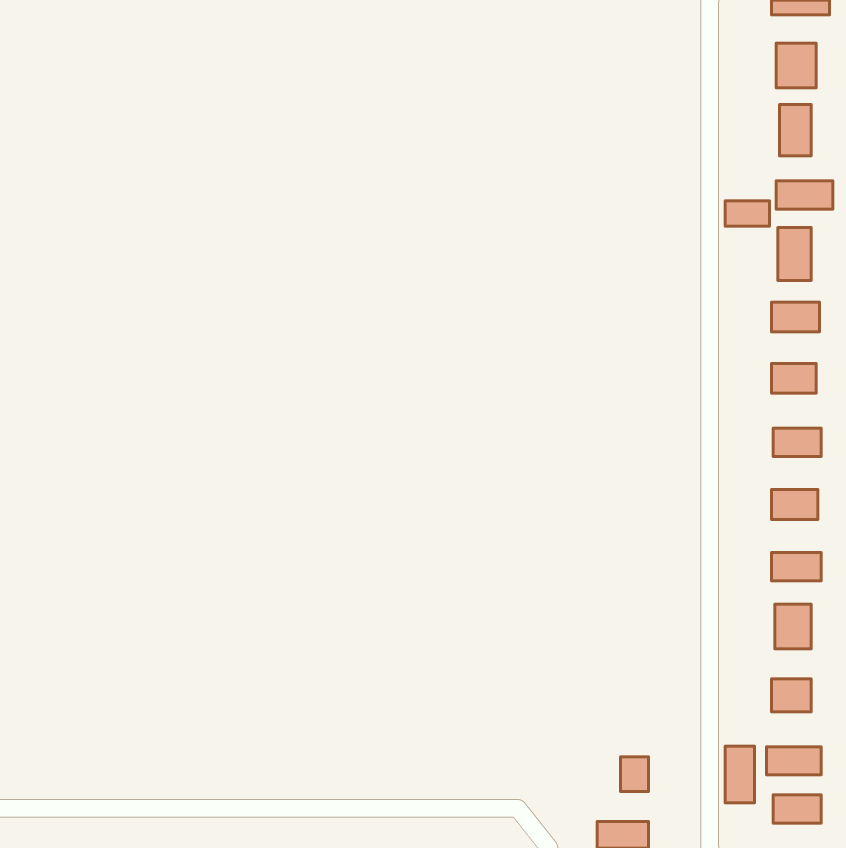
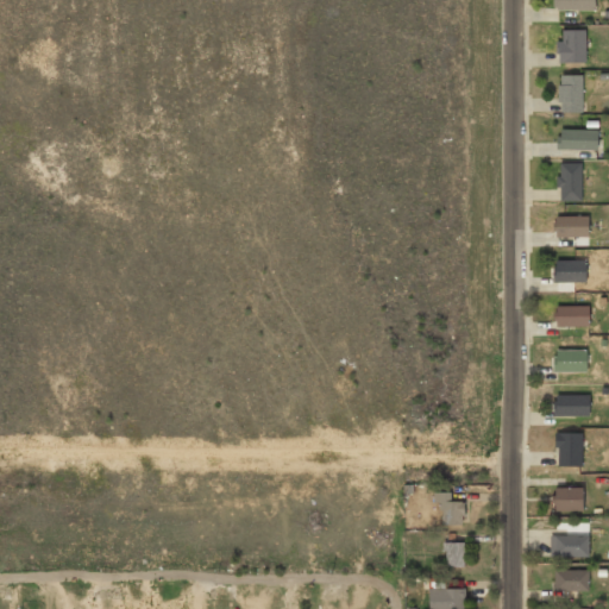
building: [725,201,770,226] -> none
building: none -> [434,492,464,526]
building: [725,746,755,803] -> none

